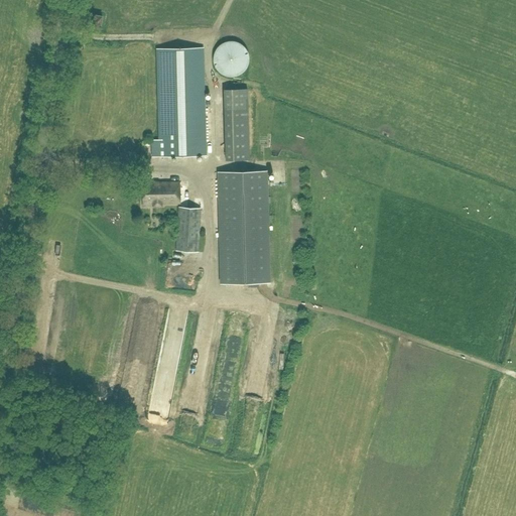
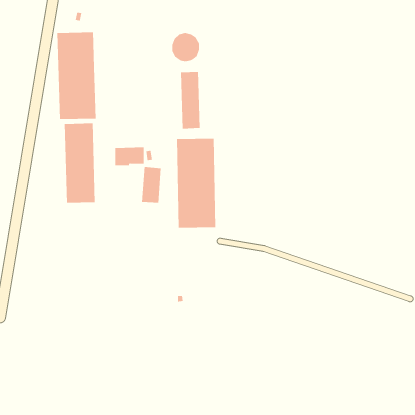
building: [156,47,206,156] -> [57,32,96,120]
building: none -> [64,123,95,203]

